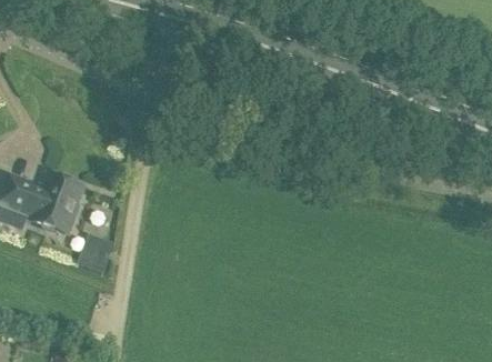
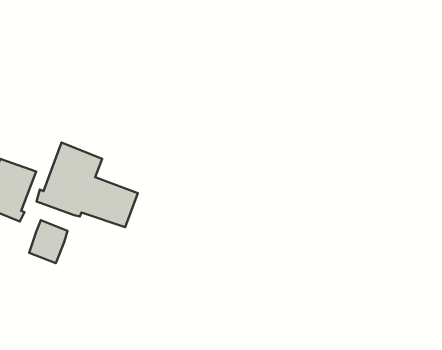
building: none -> [36,143,138,227]

